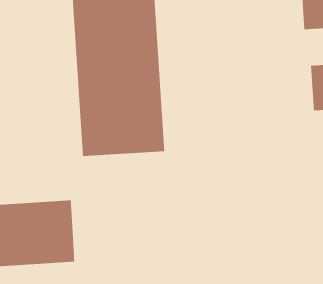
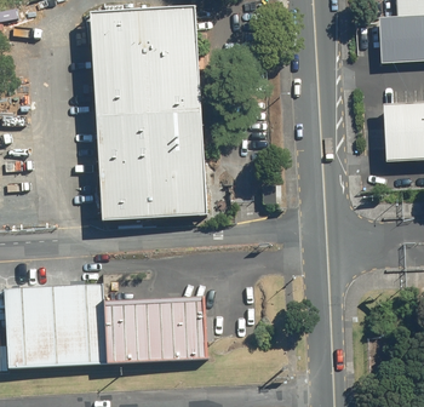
building: none -> [92,292,200,356]

